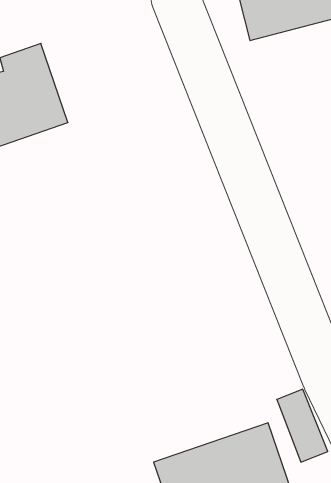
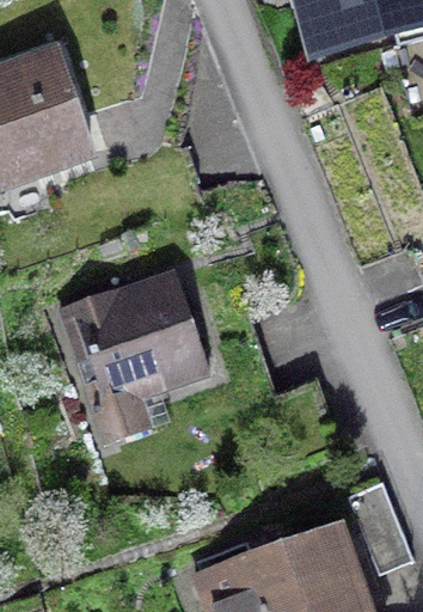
building: none -> [74,280,207,447]

